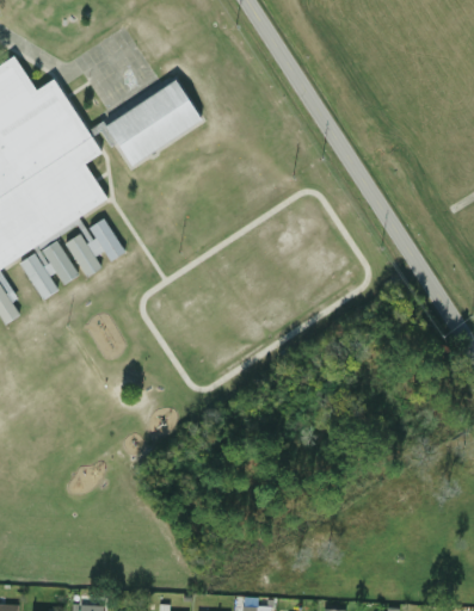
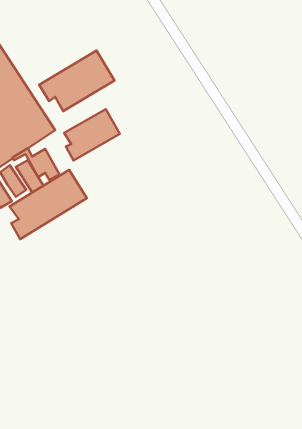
building: none -> [64,109,120,160]
building: none -> [10,170,87,239]

